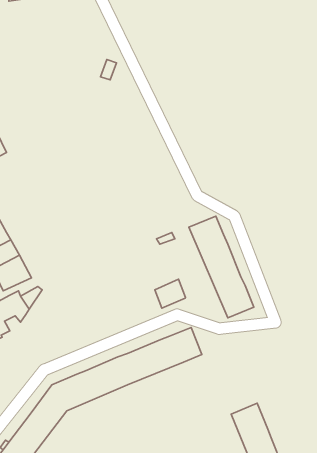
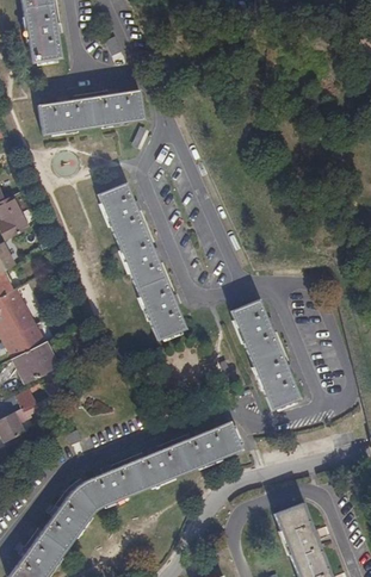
building: none -> [36,87,142,132]
building: none -> [93,173,186,339]
building: [155,279,186,308] -> none

